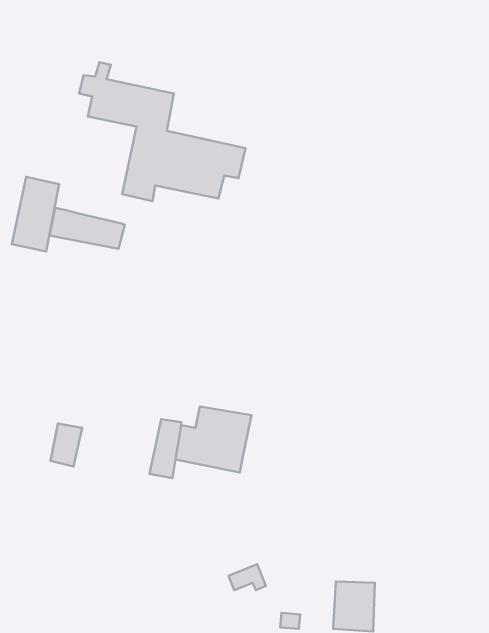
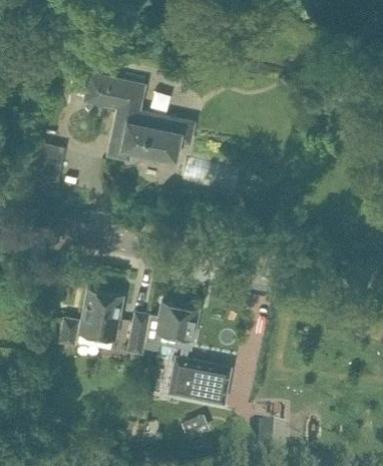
building: [49,208,125,249] -> none
building: none -> [79,290,123,341]
building: none -> [167,357,233,406]

